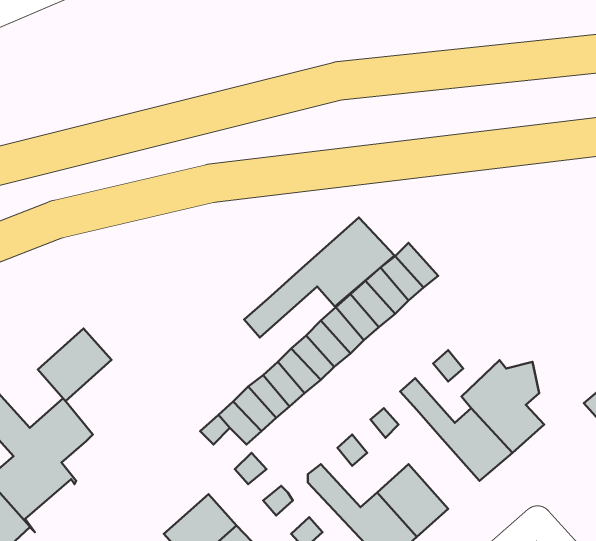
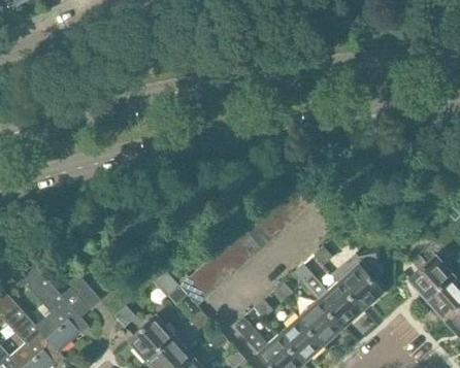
building: [244,218,394,337] -> none
building: [38,329,112,401] -> none
building: none -> [298,300,342,345]
building: none -> [128,315,173,361]

